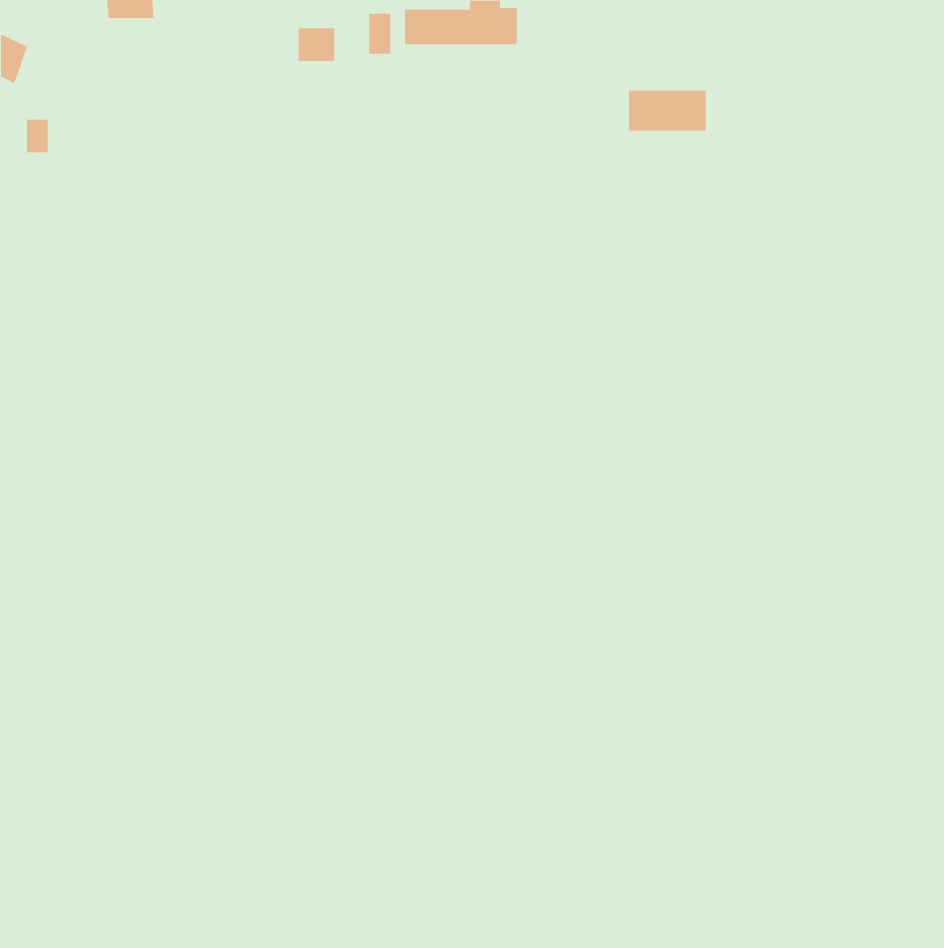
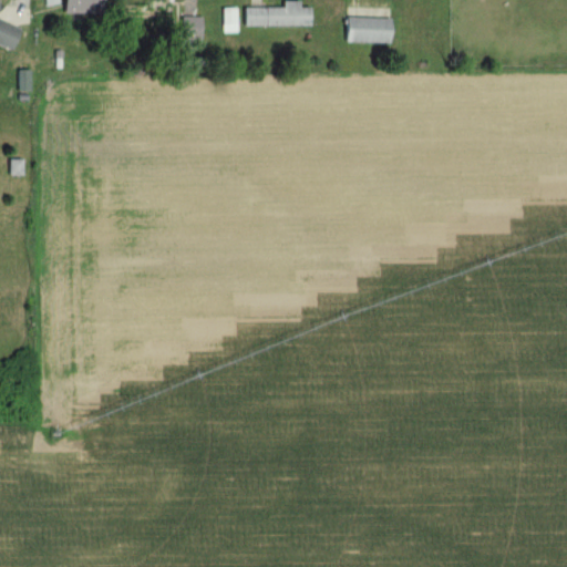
building: [628,90,706,131] -> [346,18,392,42]

